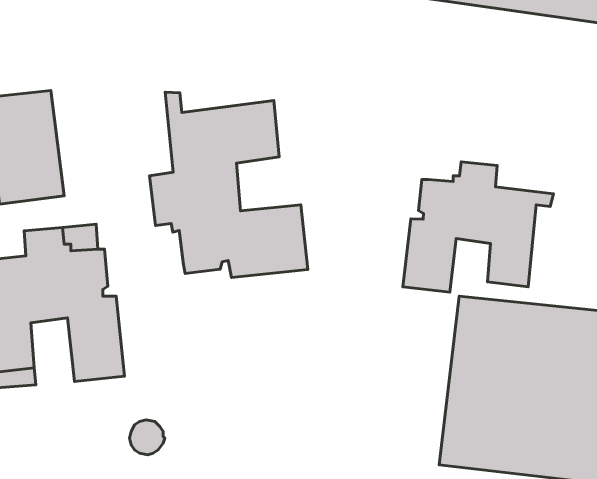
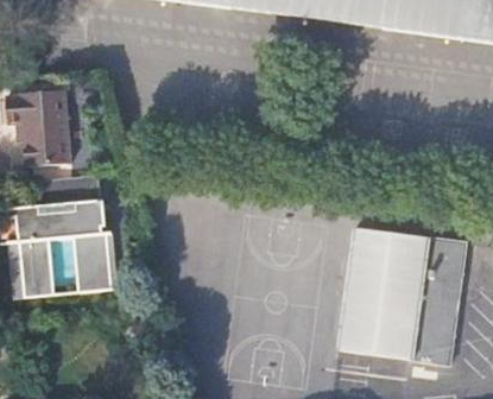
building: [150,92,308,277] -> none
building: [403,162,553,292] -> none

